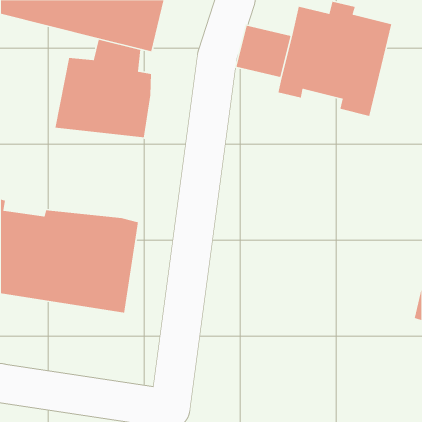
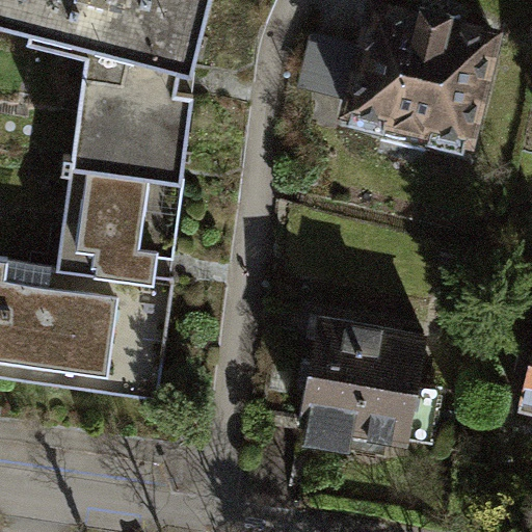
building: none -> [57,161,182,273]
building: none -> [303,315,422,433]

